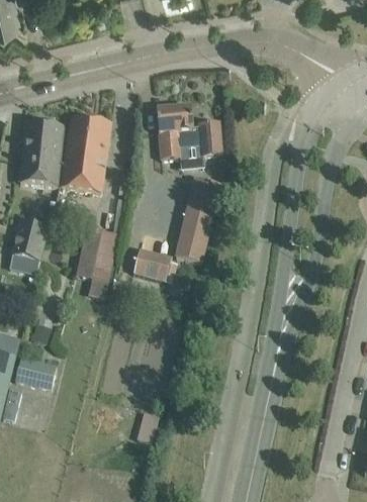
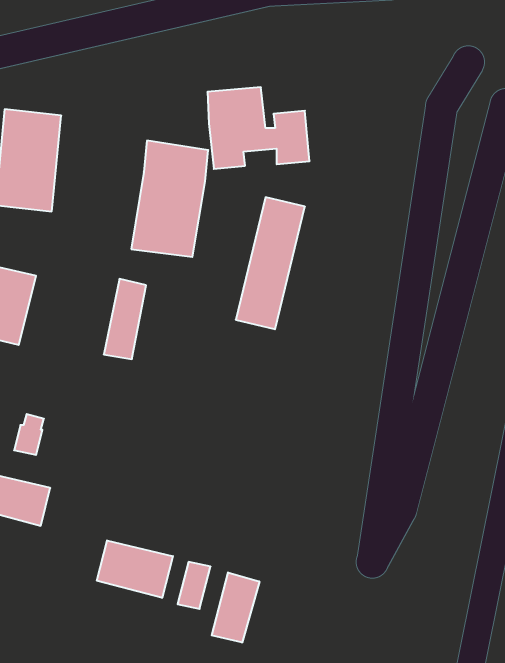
building: [61,116,110,191] -> [131,141,208,257]
building: [132,247,178,283] -> none
building: none -> [97,540,173,598]
building: none -> [212,572,259,643]

